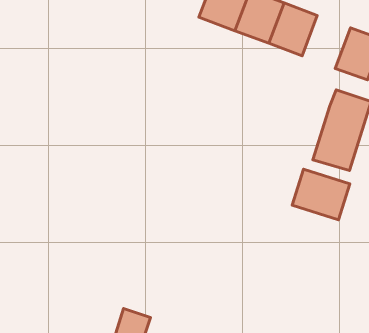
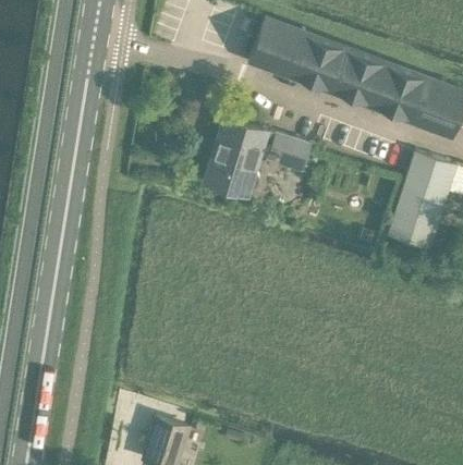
building: none -> [374,62,432,126]
building: none -> [208,119,310,195]
building: [292,169,350,220] -> none

